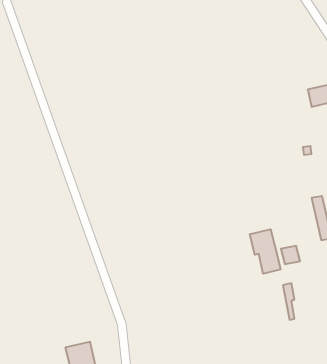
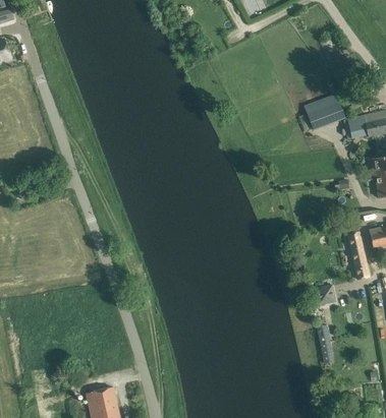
building: none -> [305,93,345,127]
building: [250,229,281,274] -> none

